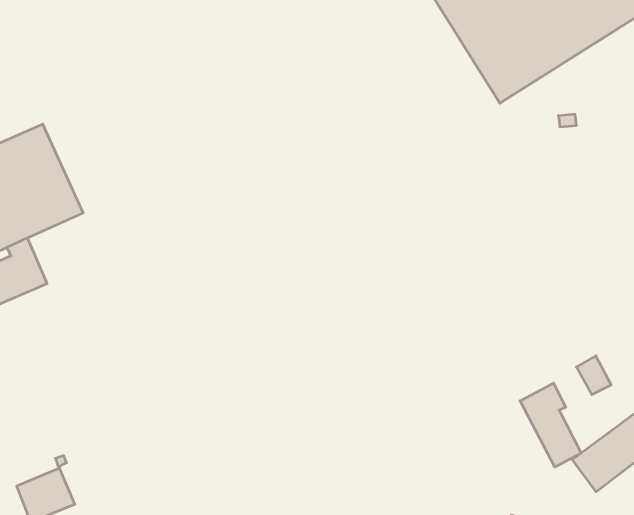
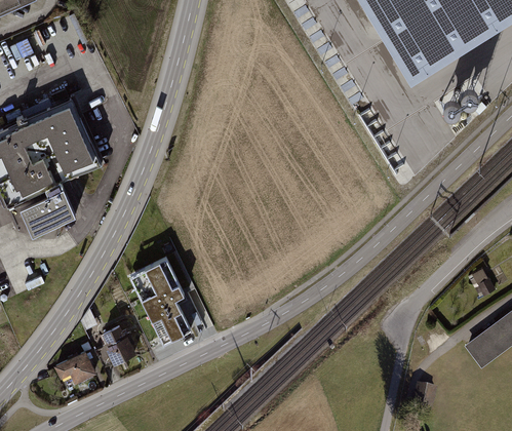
building: none -> [141,258,192,339]
building: [520,383,581,467] -> none
building: none -> [102,327,134,365]

